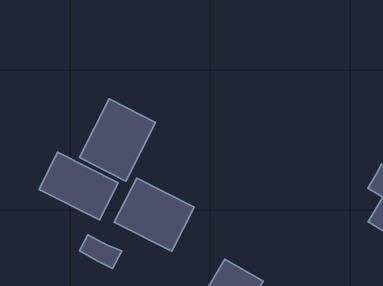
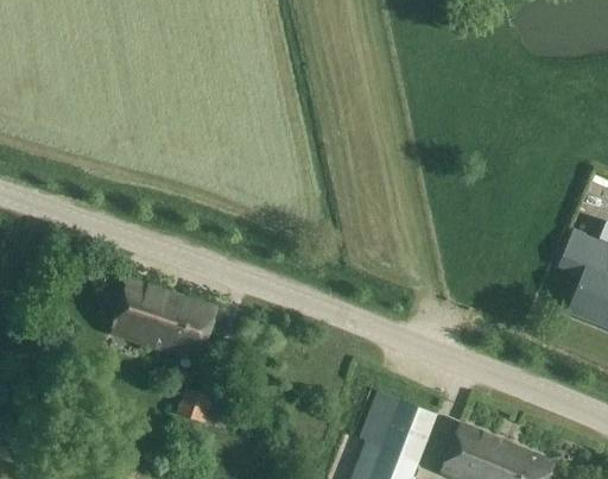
building: [79,99,156,181] -> none
building: [114,178,194,251] -> none

